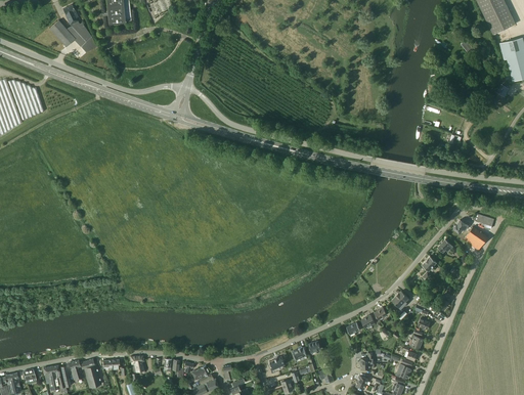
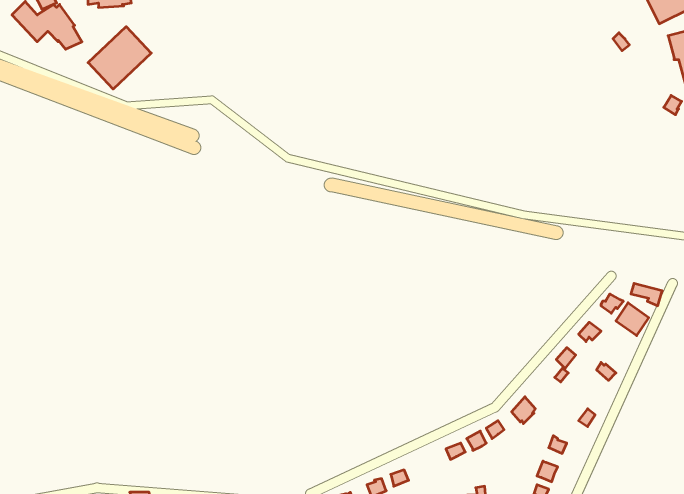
building: none -> [88,27,151,89]

